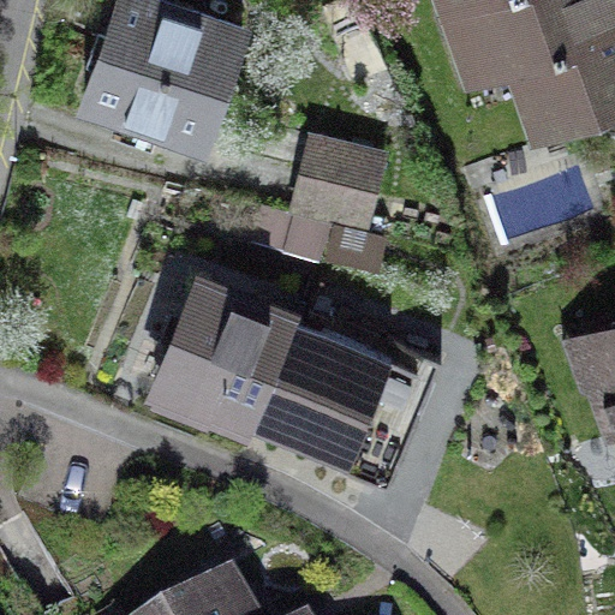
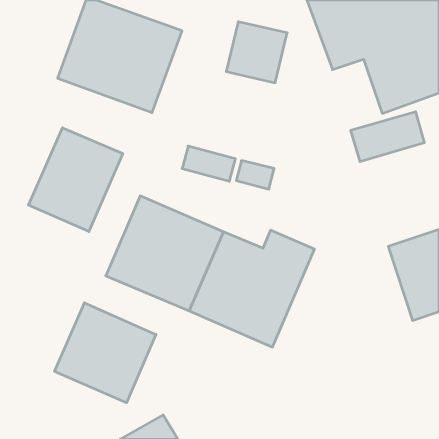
building: [294,133,380,219] -> [226,22,287,83]
building: none -> [28,128,123,232]
building: none -> [55,303,156,403]

